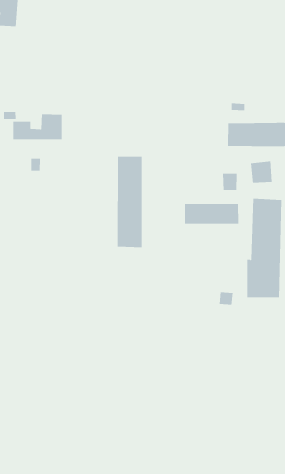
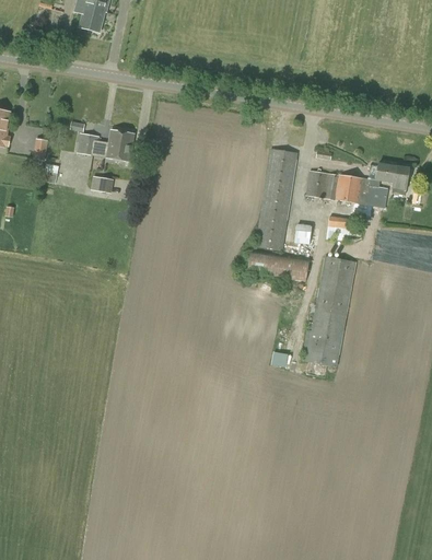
building: [117,156,143,248] -> [256,148,299,250]

